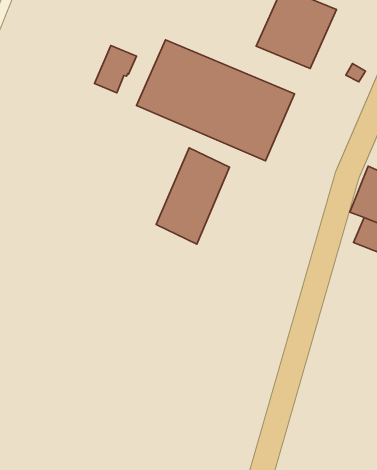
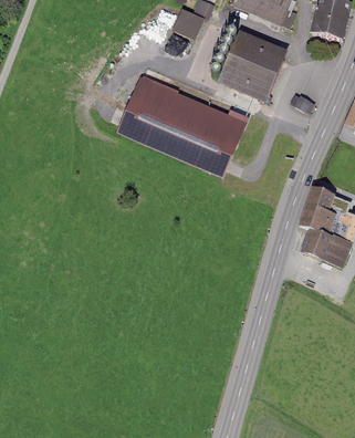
building: [94,46,136,93] -> none
building: [156,148,230,244] -> none

